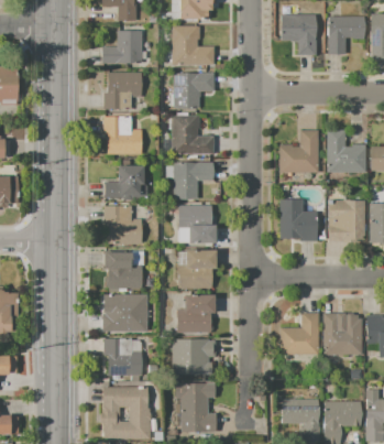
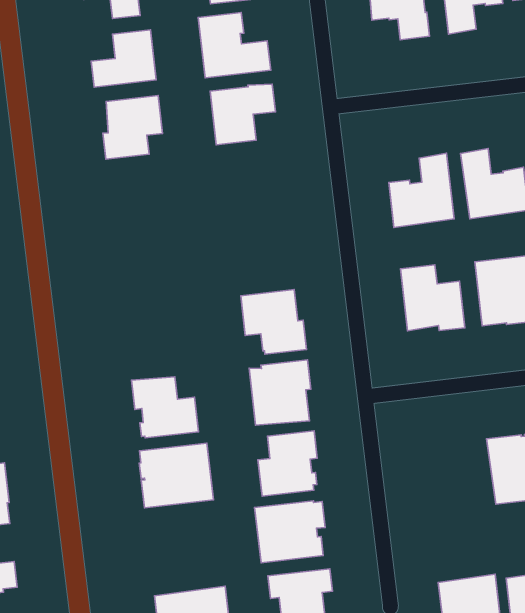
building: [172,116,213,154] -> none
building: [103,117,141,154] -> none
building: [174,162,213,199] -> none
building: [105,165,147,201] -> none
building: [105,206,141,243] -> none
building: [279,313,318,355] -> none
building: [103,338,141,376] -> none

